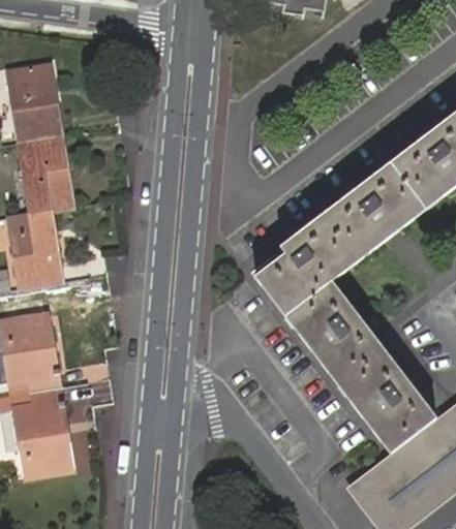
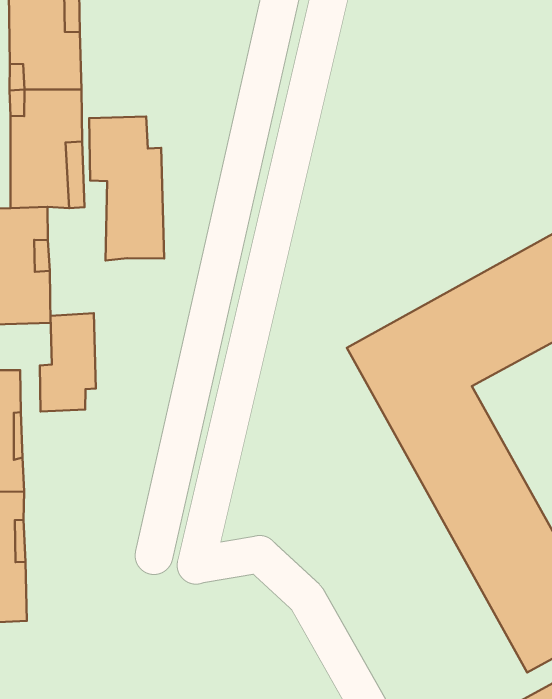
building: none -> [89,117,164,260]
building: none -> [40,313,96,411]

